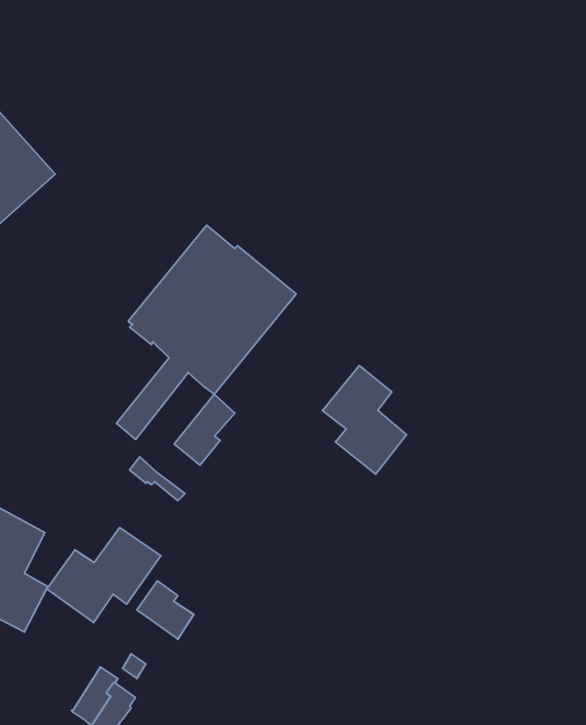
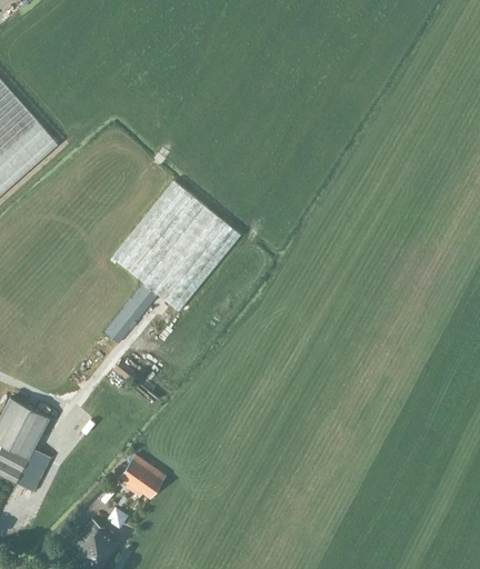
building: [322,366,407,474] -> none
building: [174,394,235,465] -> none
building: [47,528,161,623] -> none

